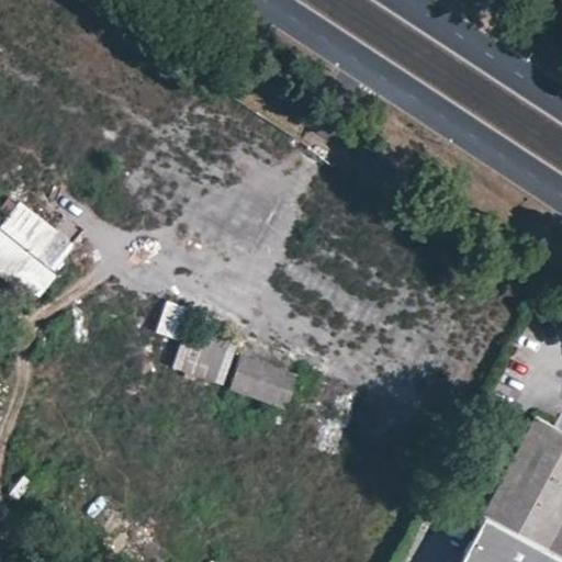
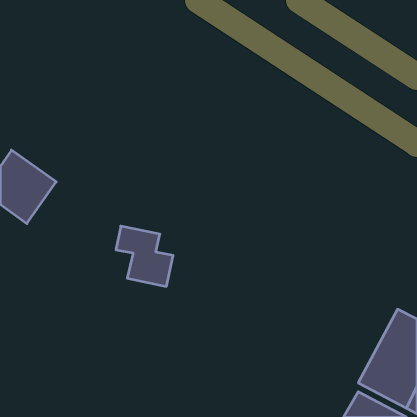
building: [227,356,297,411] -> none

